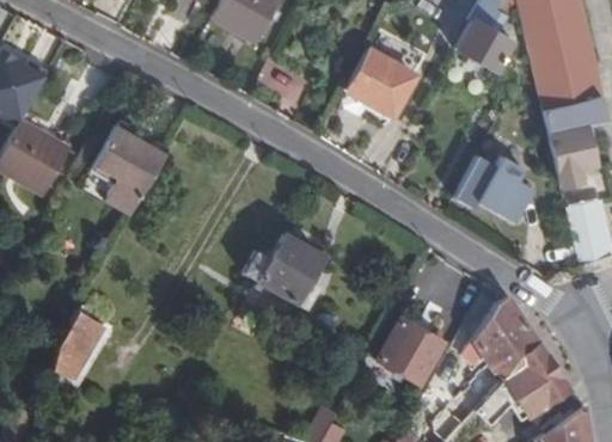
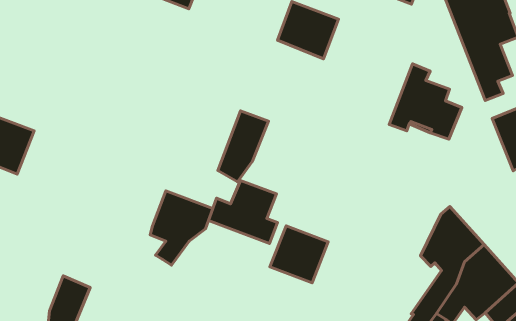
building: [91,124,166,209] -> none
building: none -> [218,111,268,182]
building: none -> [150,191,213,265]
building: [378,318,445,383] -> [270,226,328,283]

